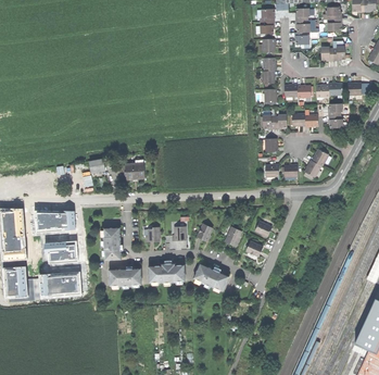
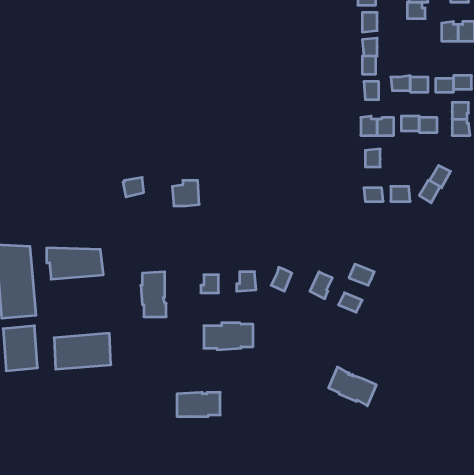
building: [46,240,78,262] -> none
building: [194,262,229,290] -> [329,367,376,406]
building: [110,267,141,285] -> [177,392,220,416]

